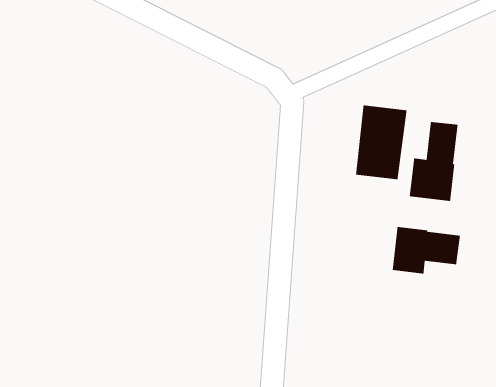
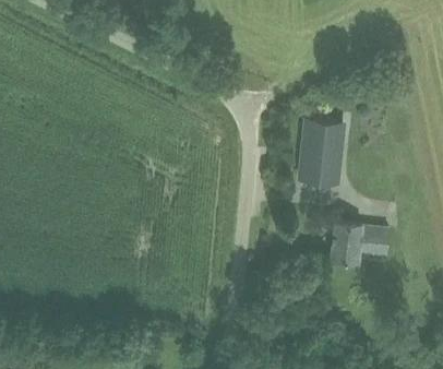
building: [409,121,459,202] -> none

